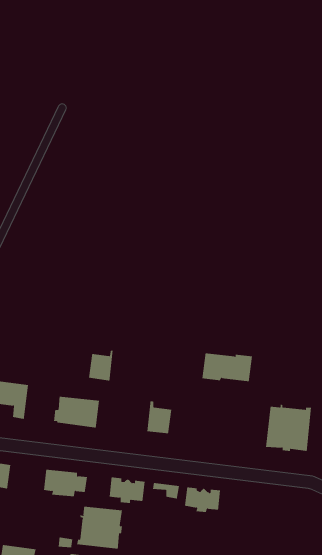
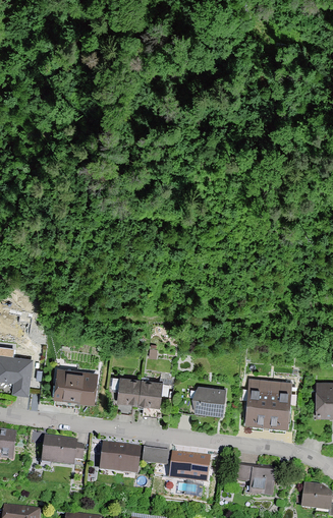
building: [88,350,114,381] -> [118,375,142,403]
building: [202,353,253,382] -> [178,387,225,413]
building: none -> [236,463,277,494]
building: [76,506,123,550] -> none

